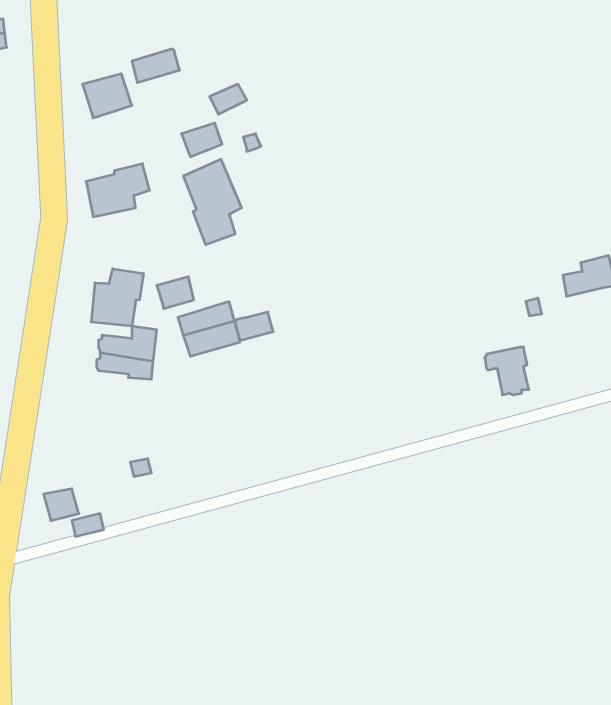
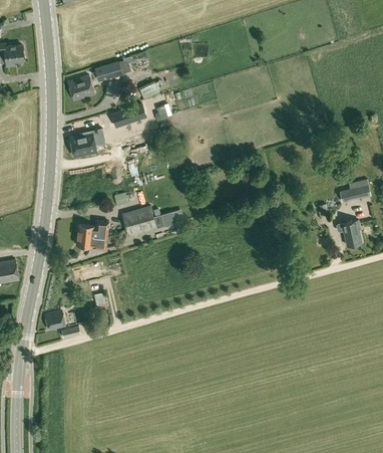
building: [184,159,242,245] -> none
building: [91,269,143,326] -> none
building: [485,347,529,395] -> [337,219,362,246]

